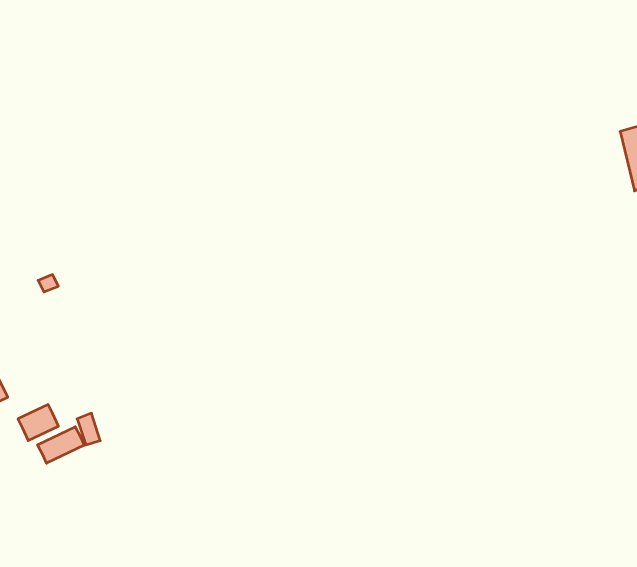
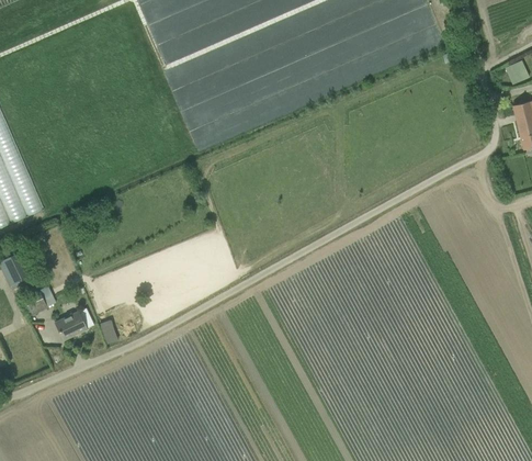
building: [38,427,84,463] -> none

